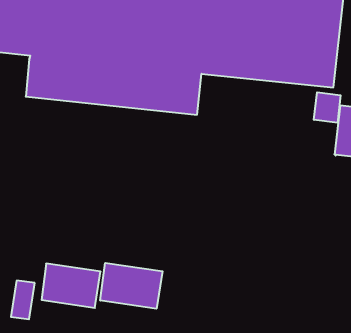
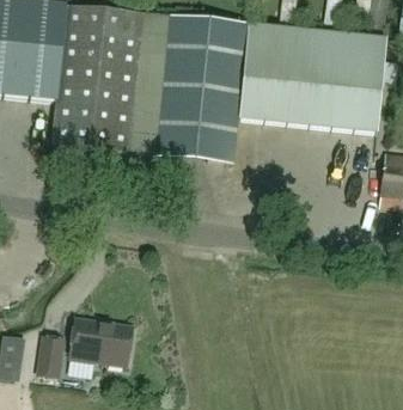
building: [314,92,341,123] -> none
building: [100,263,163,309] -> none

